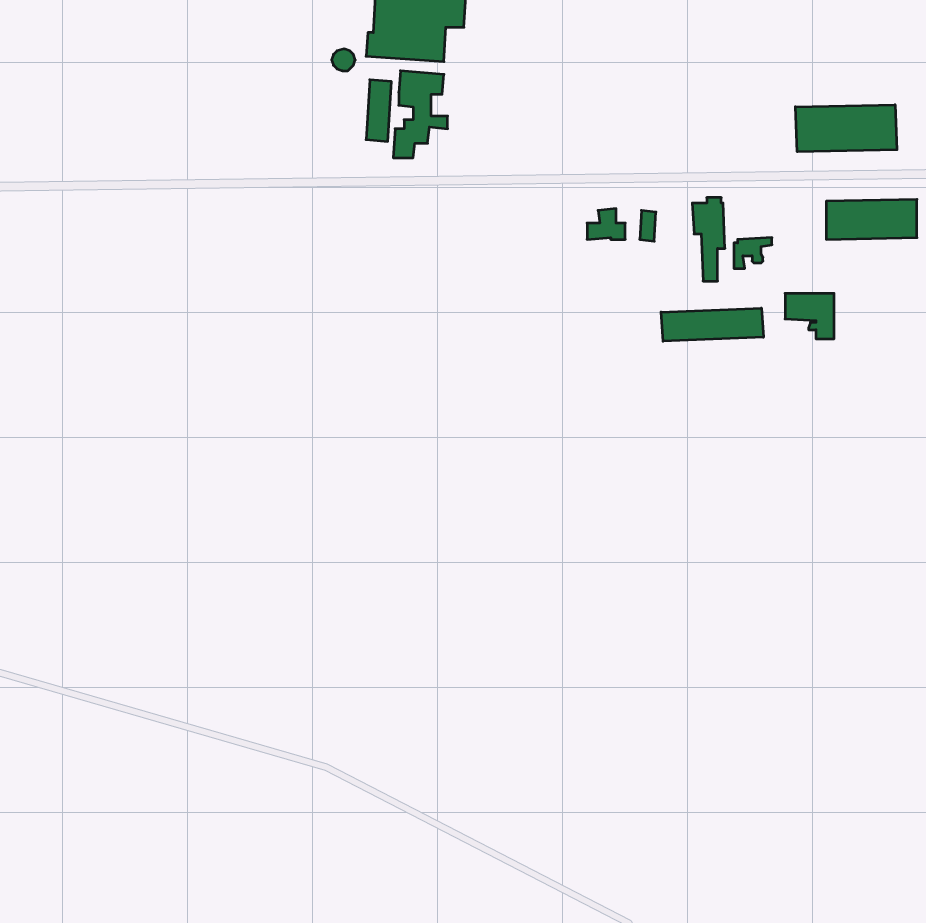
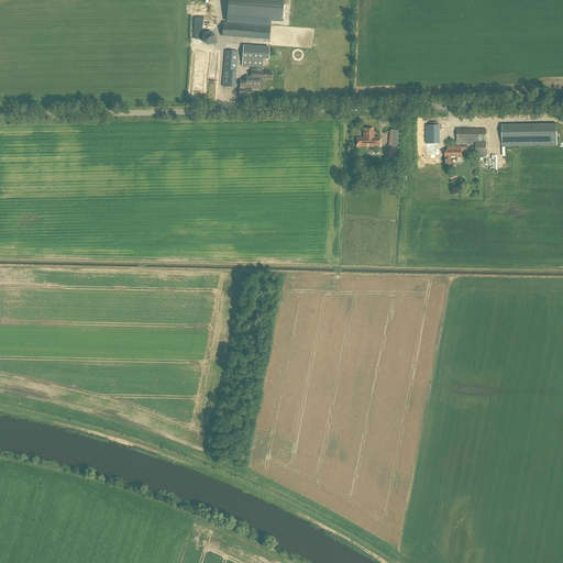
building: [795,105,897,152] -> none
building: [785,293,834,339] -> [456,126,486,154]
building: [661,308,763,341] -> none

